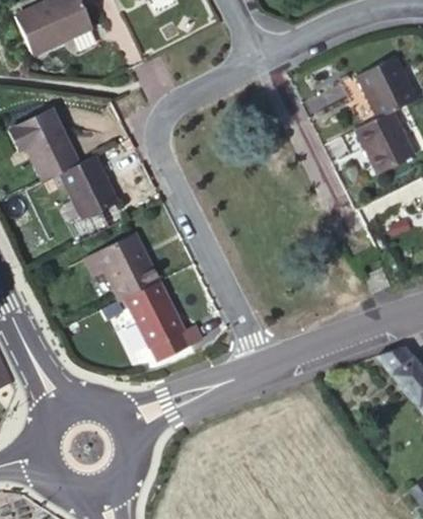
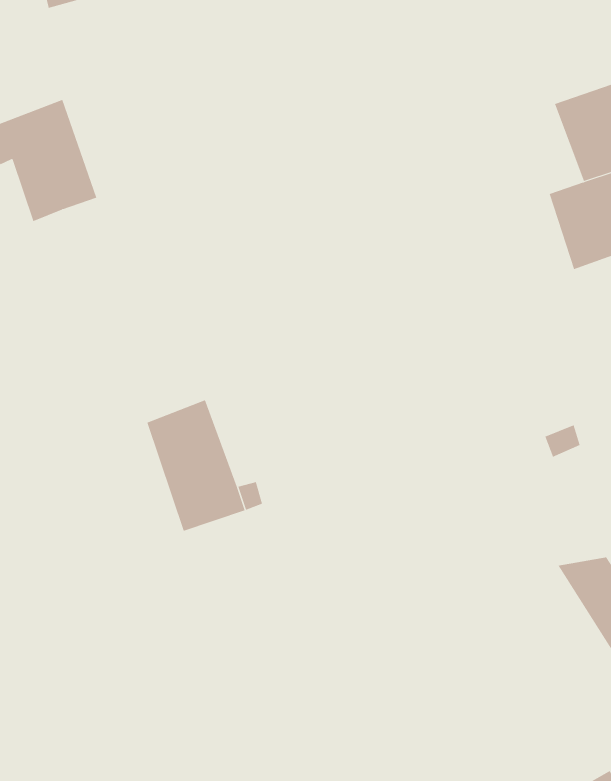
building: [55,152,114,216] -> none
building: [75,228,152,296] -> none

